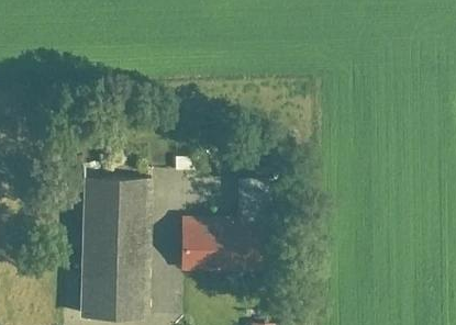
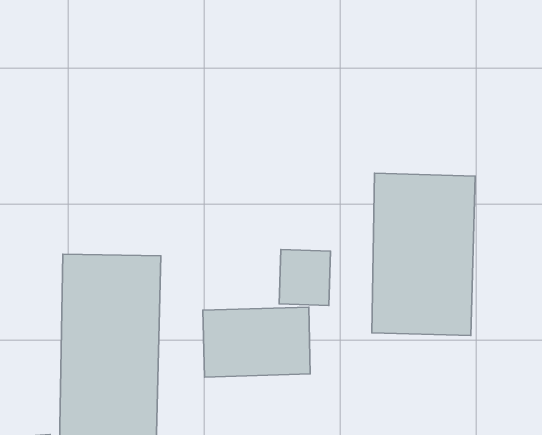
building: none -> [372,173,475,336]

